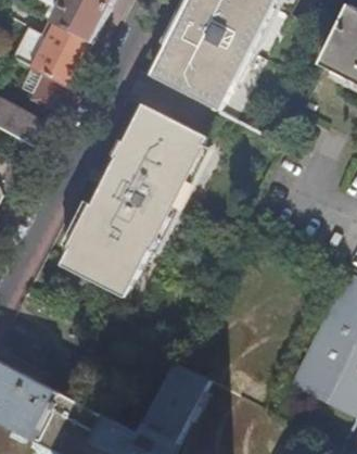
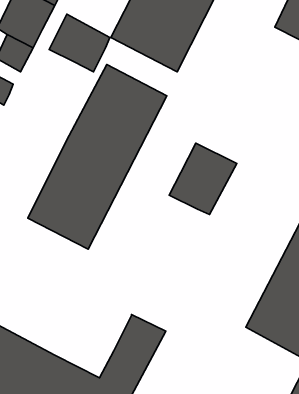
building: none -> [49,14,110,72]
building: none -> [169,143,237,214]

